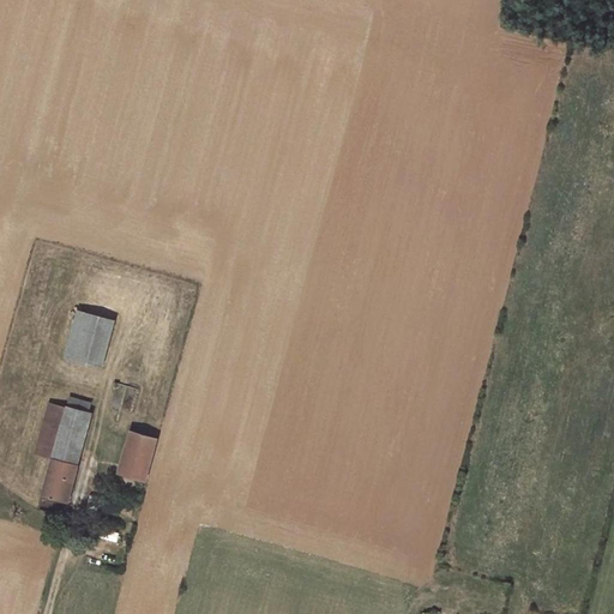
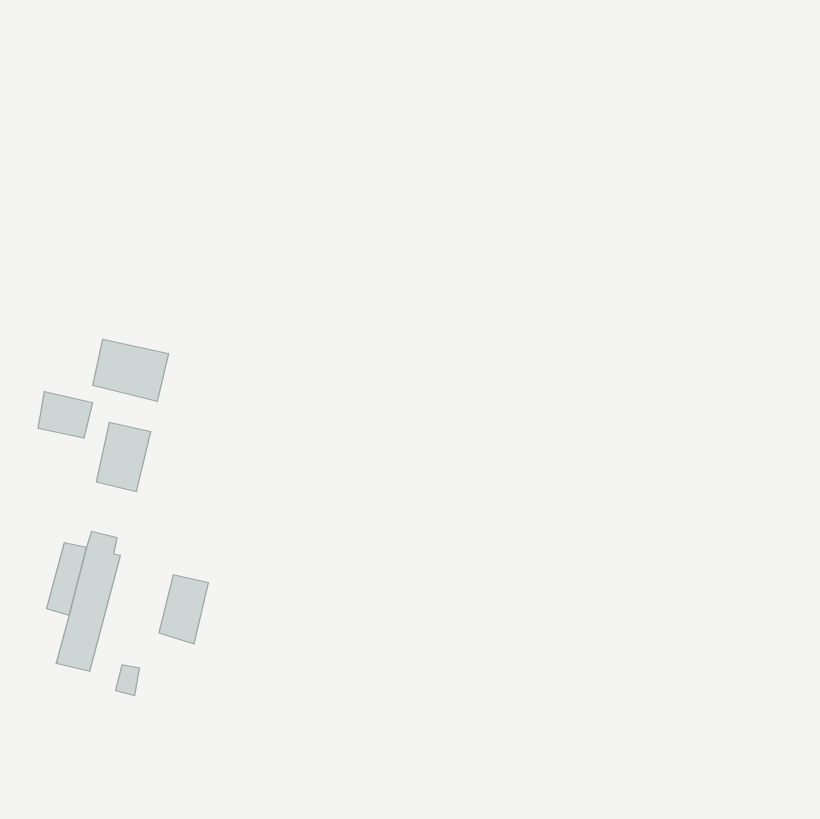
building: none -> [93,339,168,401]
building: none -> [38,391,92,438]

